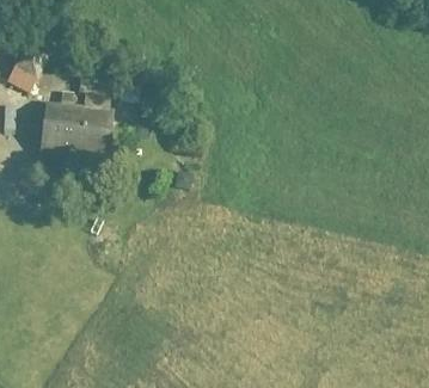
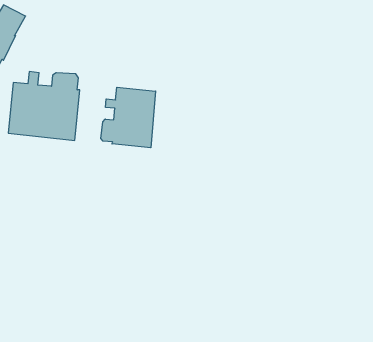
building: none -> [101,87,156,148]

